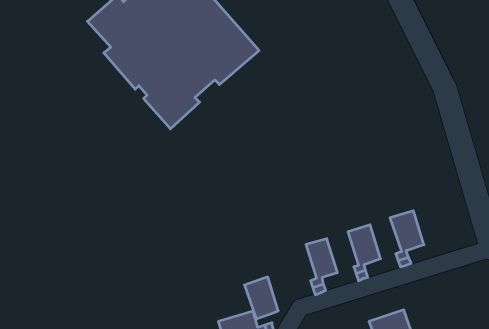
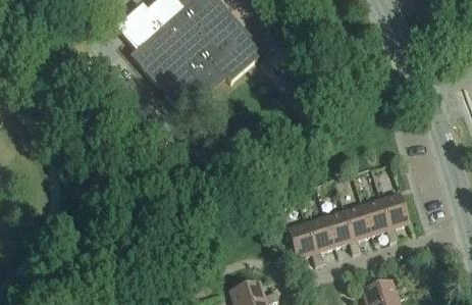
building: none -> [362,198,389,234]
building: none -> [324,210,352,246]
building: [244,277,278,319] -> [285,221,315,258]

